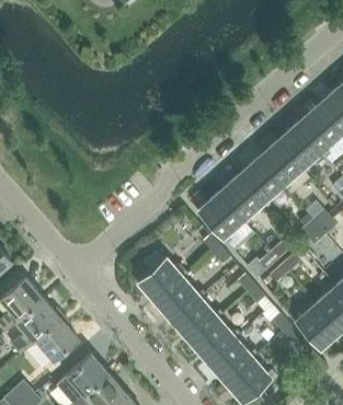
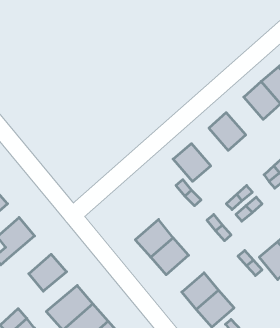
building: [260,141,301,184] -> none
building: [220,176,262,219] -> none
building: [139,259,190,302] -> none
building: [11,298,61,354] -> none
building: [192,320,235,361] -> none

